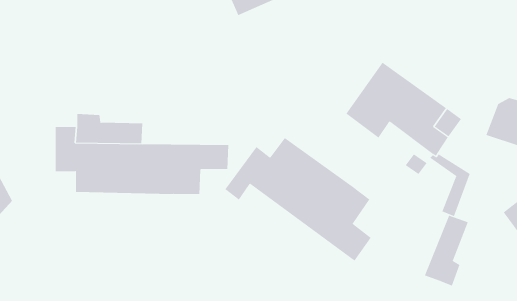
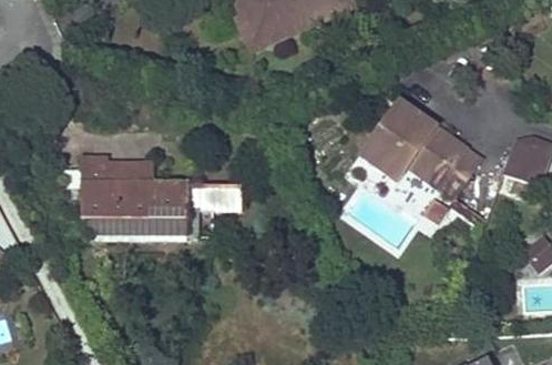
building: [224,137,371,262] -> none
building: [424,215,468,286] -> none

